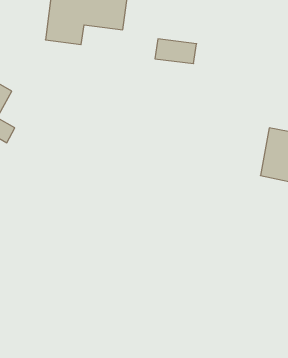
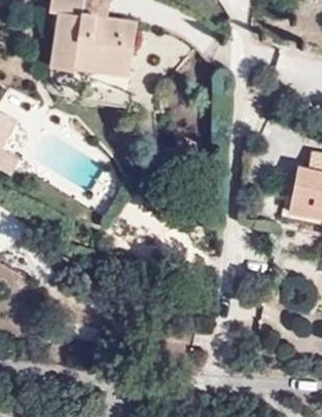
building: [155,39,197,64] -> [92,54,135,80]

